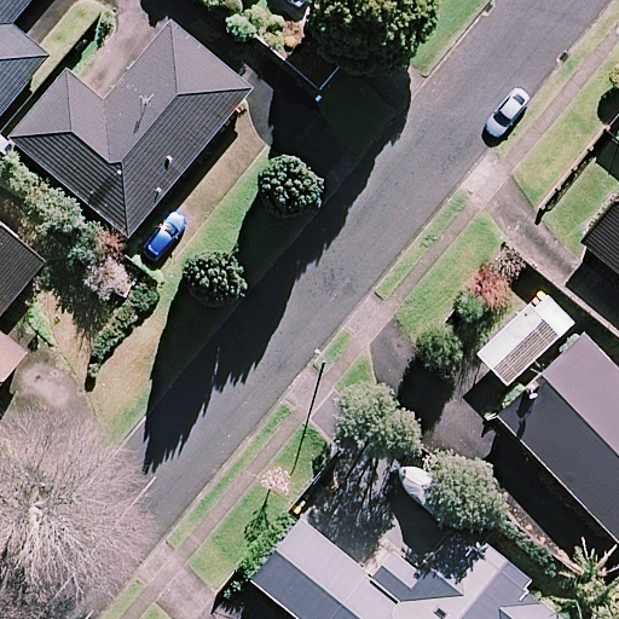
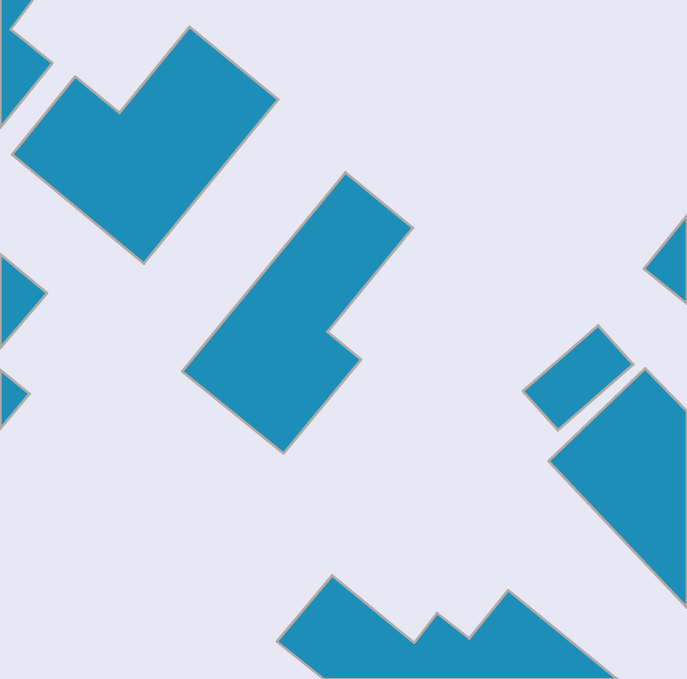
building: none -> [182,172,413,453]

